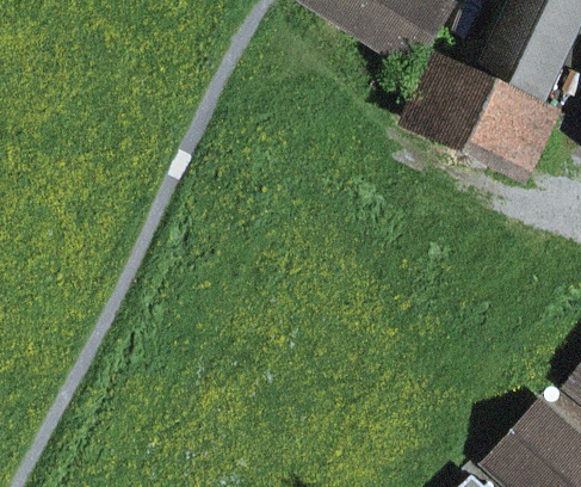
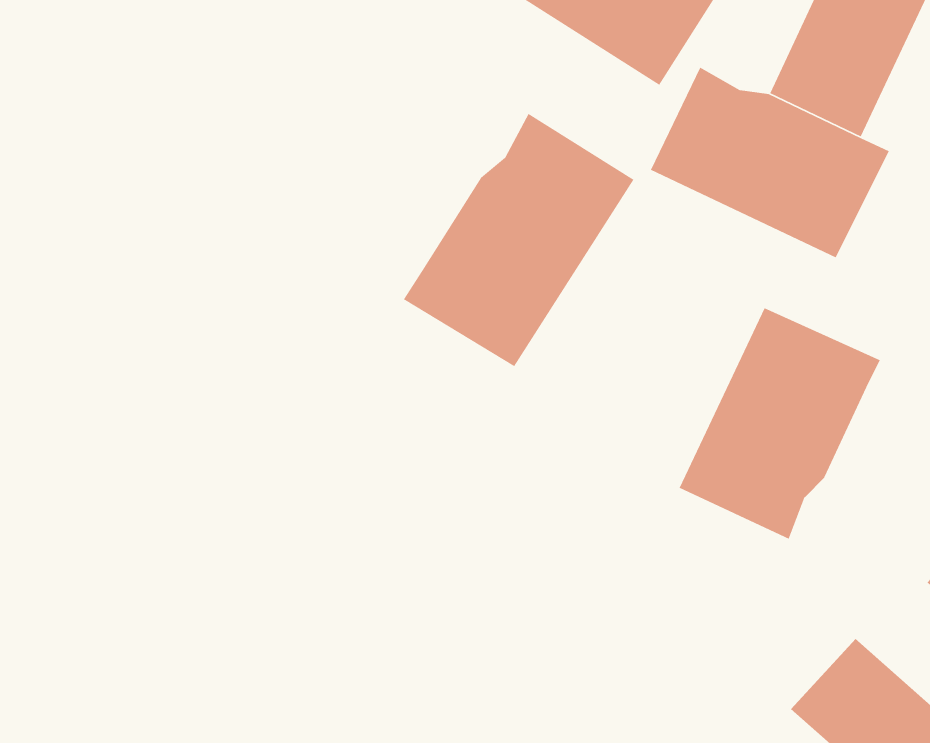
building: none -> [403,113,634,367]
building: none -> [678,307,881,540]

